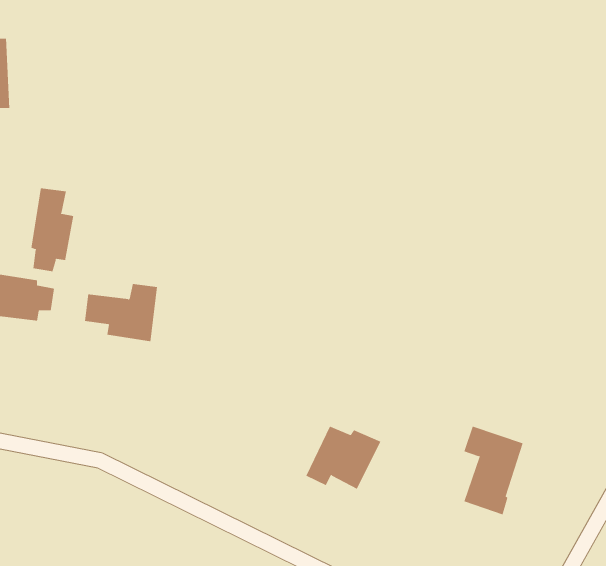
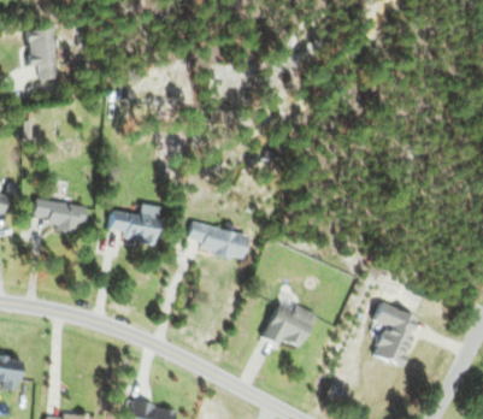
building: [31,188,74,272] -> none
building: none -> [189,222,249,260]

